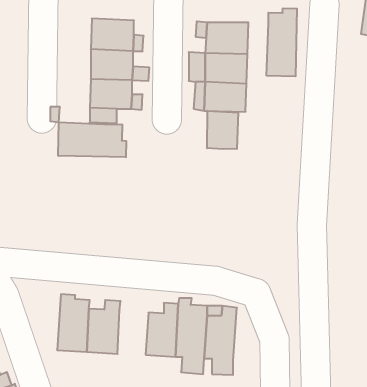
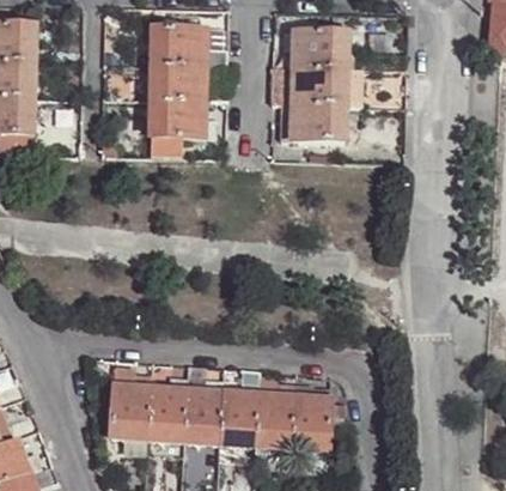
building: [267,8,297,76] -> none
building: [207,111,238,149] -> none
building: [58,122,126,157] -> none
building: none -> [185,378,225,445]

